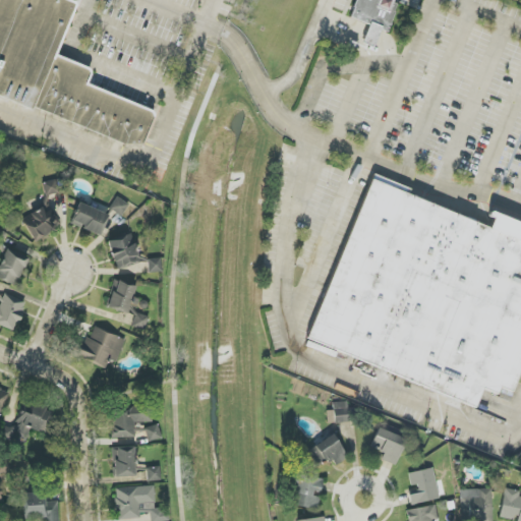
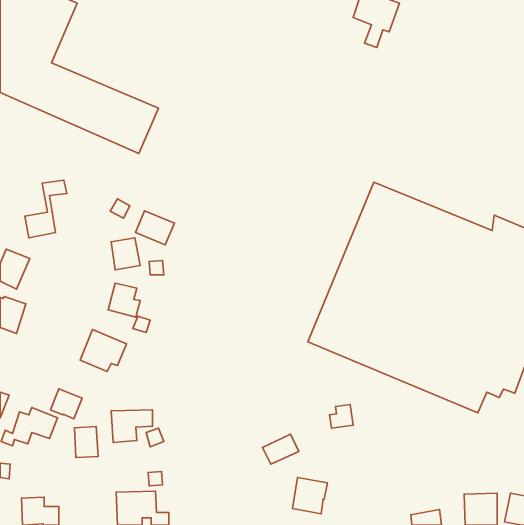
building: [72,201,111,235] -> [135,211,174,245]
building: none -> [50,389,82,419]
building: [372,427,408,465] -> none
building: [309,435,345,464] -> [263,434,299,464]
building: [114,446,137,476] -> [75,427,98,458]
building: [409,466,443,504] -> none

